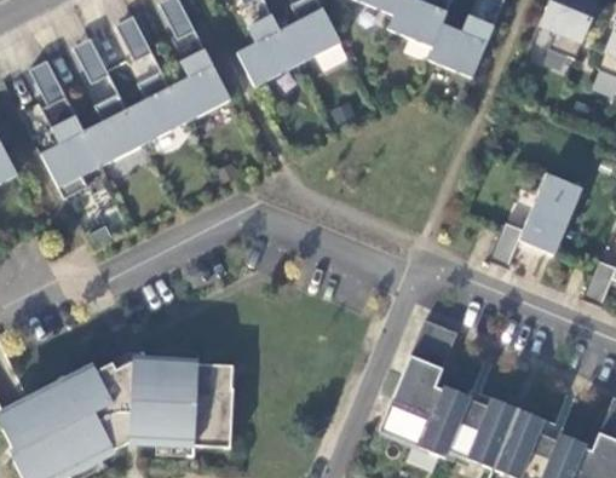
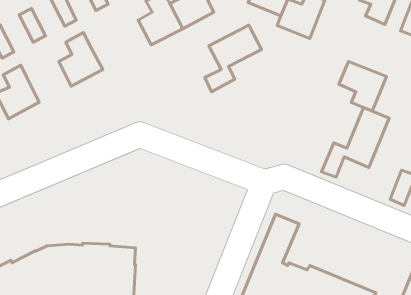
building: [169,47,230,120] -> none
building: none -> [205,25,261,92]
building: [84,92,144,165] -> none
building: none -> [339,61,386,111]

